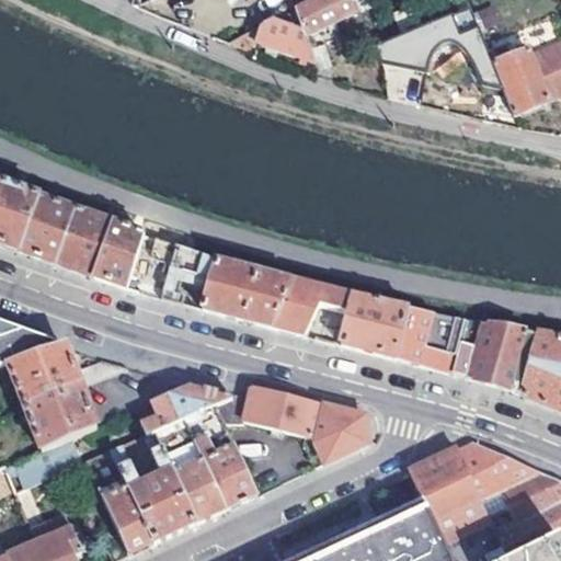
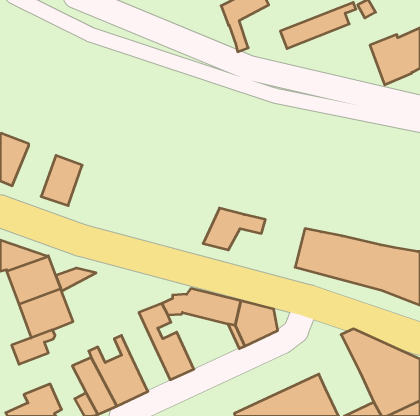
building: [228,8,314,59] -> none
building: [16,194,75,262] -> none
building: [91,220,142,286] -> none
building: [150,236,293,324] -> none
building: [340,293,407,356] -> none
building: [141,382,230,434] -> none
building: [410,446,480,518] -> none
building: [173,457,227,522] -> none

